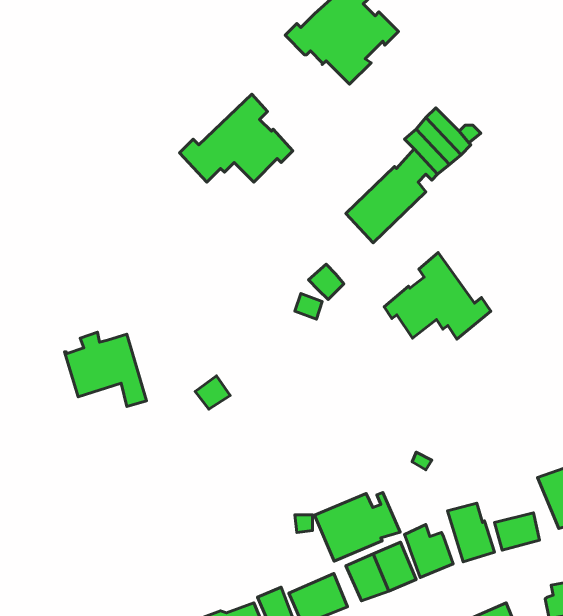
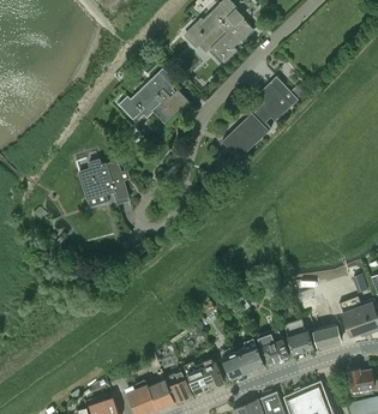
building: [384,252,491,339] -> none
building: [64,332,147,407] -> [78,160,128,205]
building: [314,493,400,561] -> none

